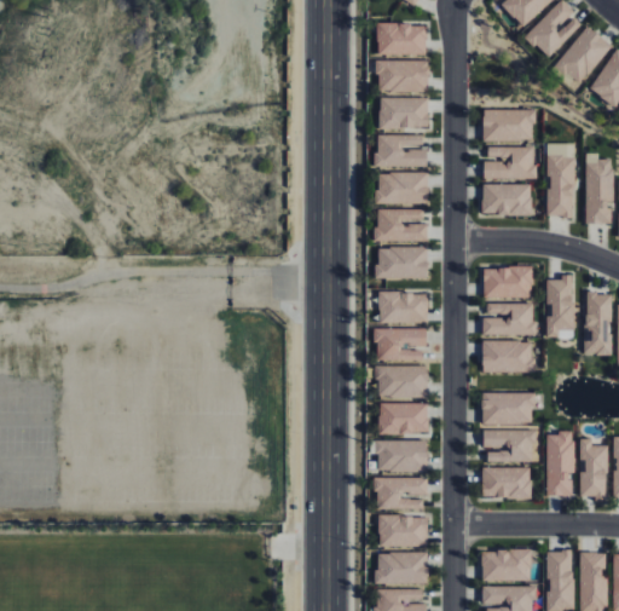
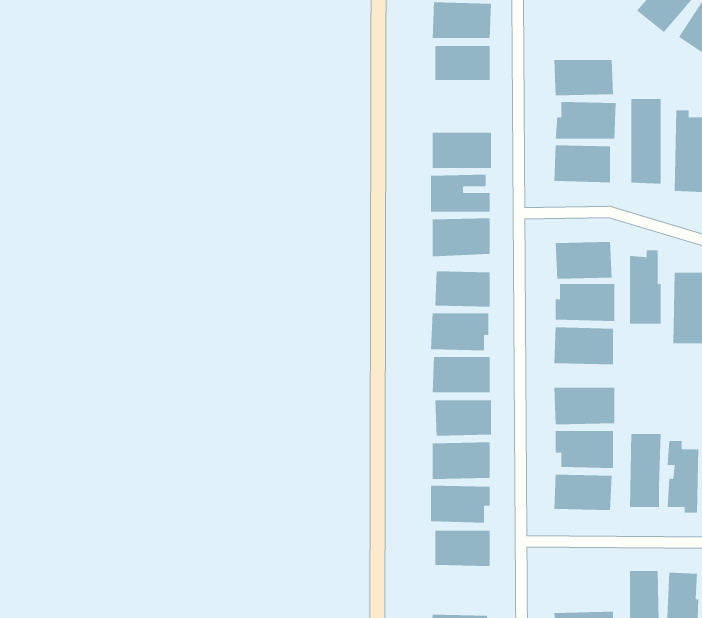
building: [375,133,424,167] -> none
building: [481,549,531,581] -> none
building: [376,552,427,584] -> none

